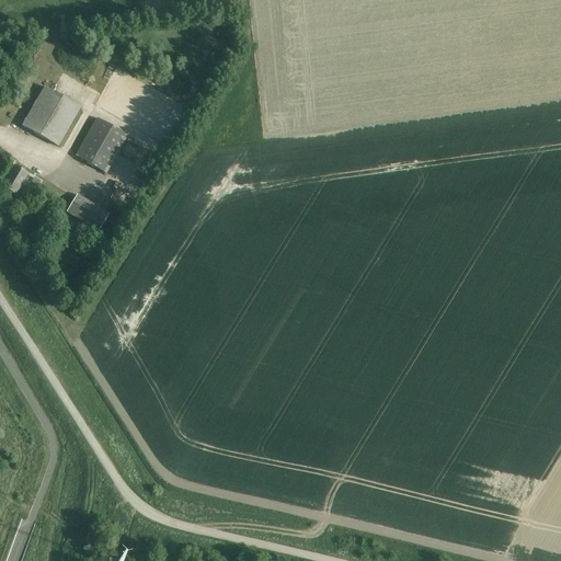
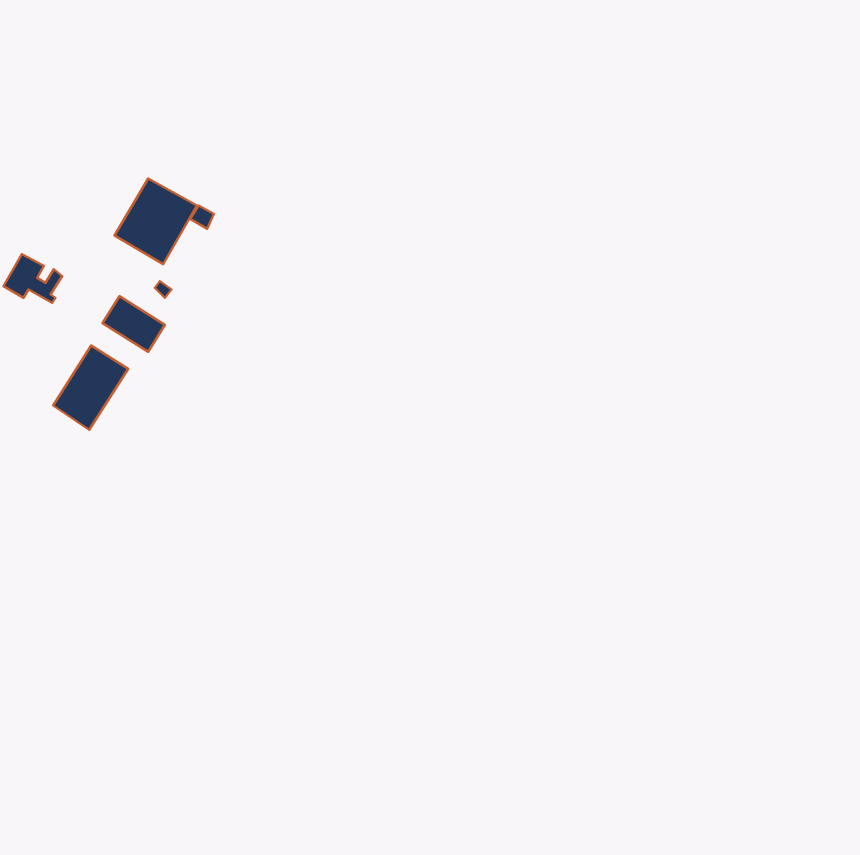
building: [22,84,80,145] -> none
building: none -> [53,345,128,430]

